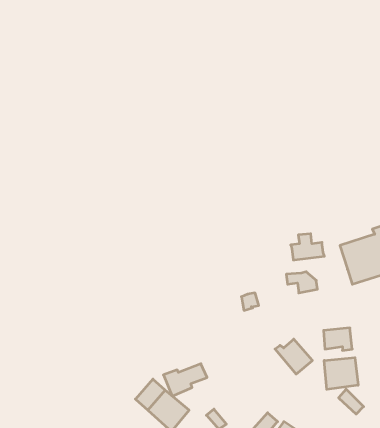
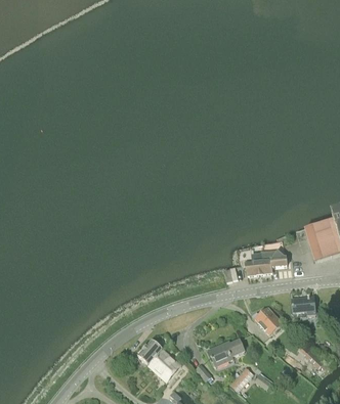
building: [291,234,324,260] -> [244,253,271,274]
building: [324,358,358,389] -> none
building: [163,364,207,396] -> [208,340,244,366]

